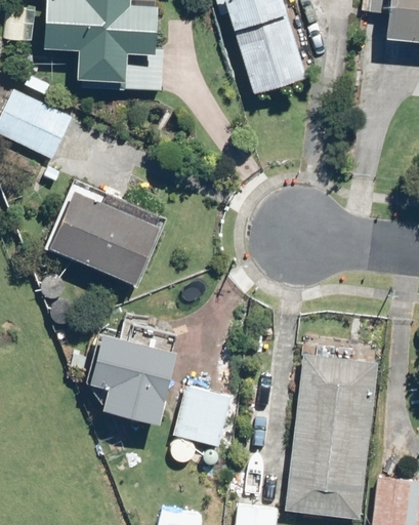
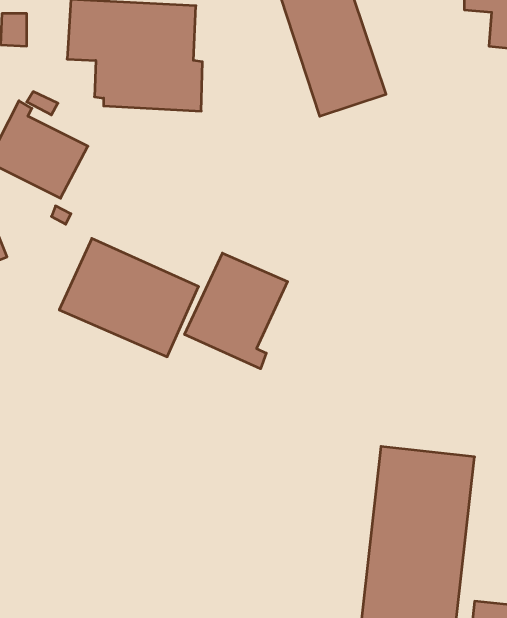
building: none -> [185,253,288,369]
building: [86,324,183,425] -> none
building: [174,387,229,445] -> none

